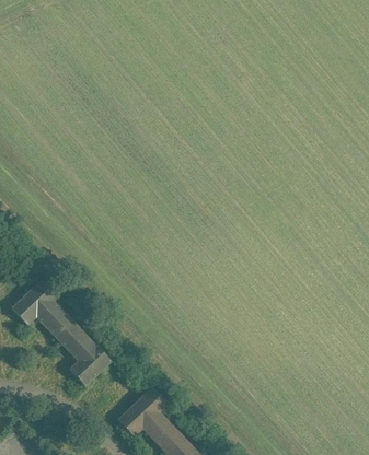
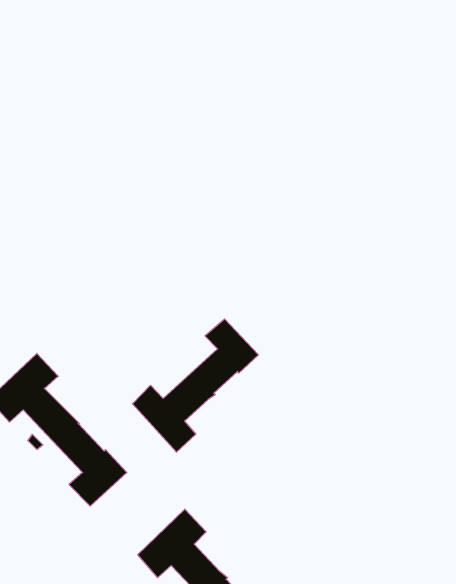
building: none -> [132,319,258,452]

